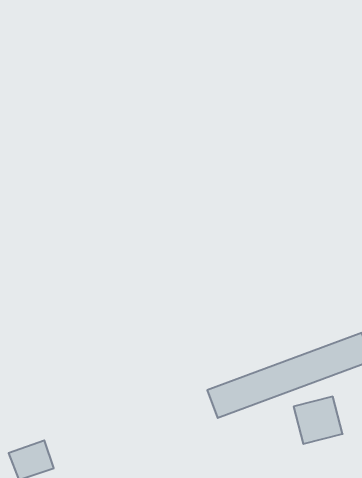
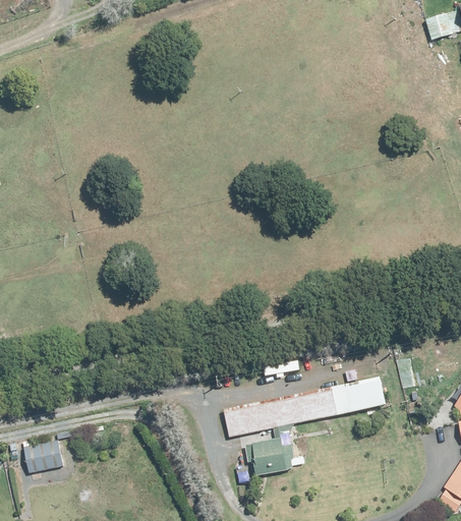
building: [294,397,343,444] -> [246,438,290,479]

